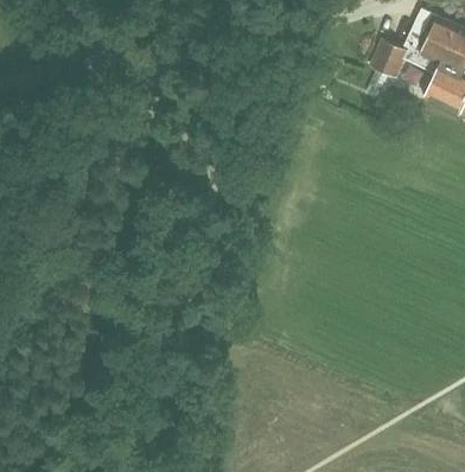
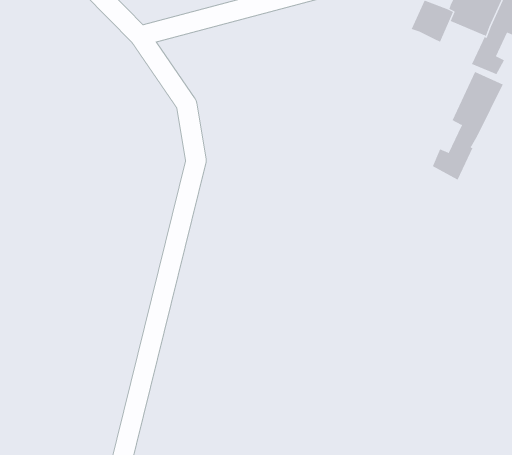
building: none -> [432,71,503,180]

